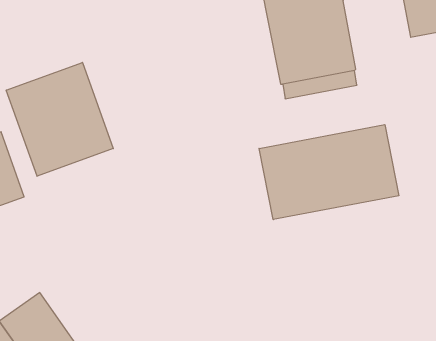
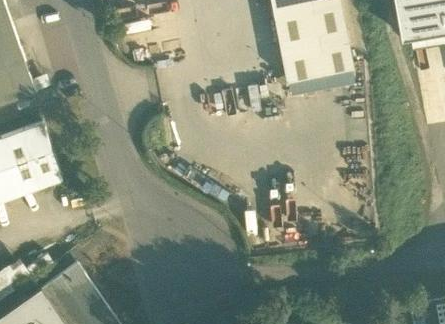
building: [6,62,113,176] -> none
building: [259,125,399,220] -> none

